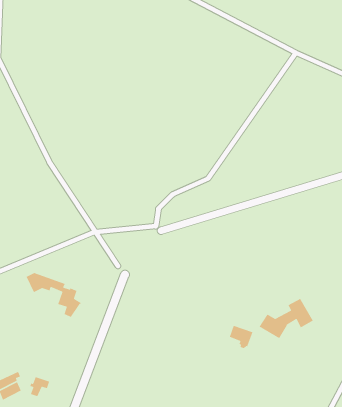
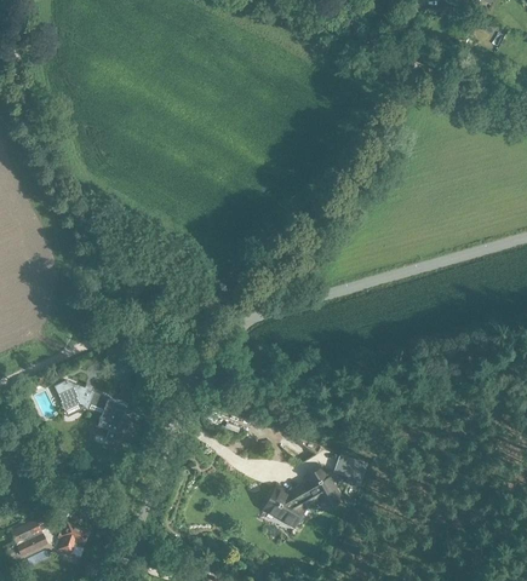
building: [258,298,314,339] -> [265,470,342,527]

